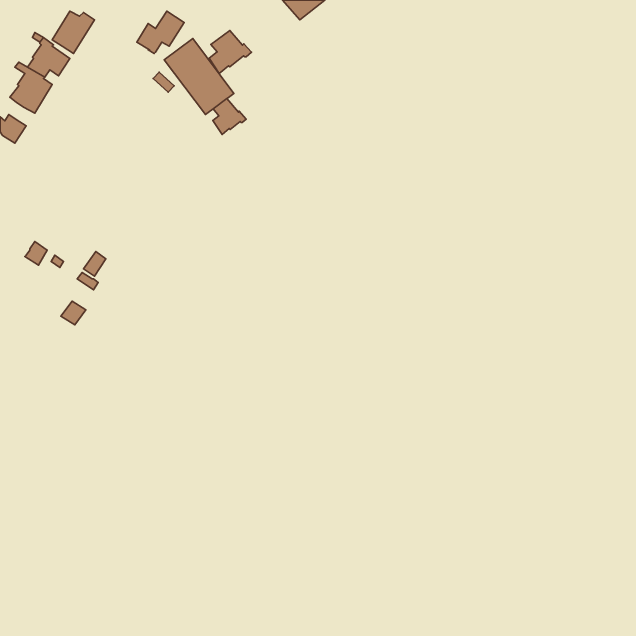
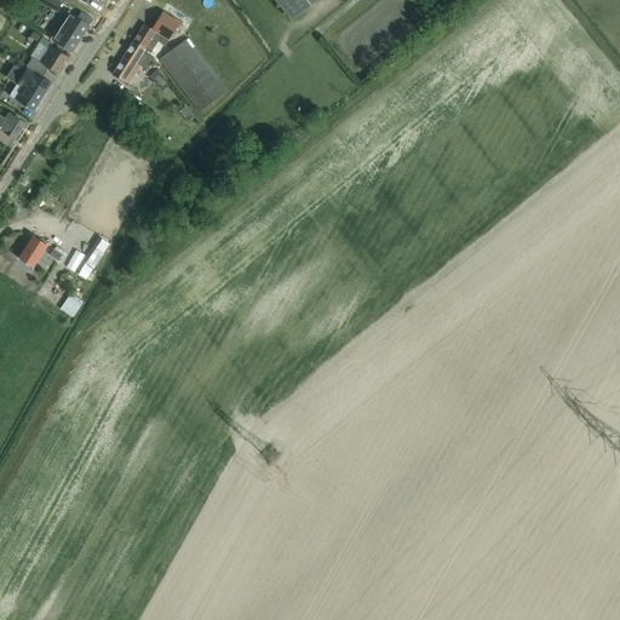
building: [209,30,251,74] -> none
building: none -> [113,41,153,84]
building: [213,99,246,134] -> none

